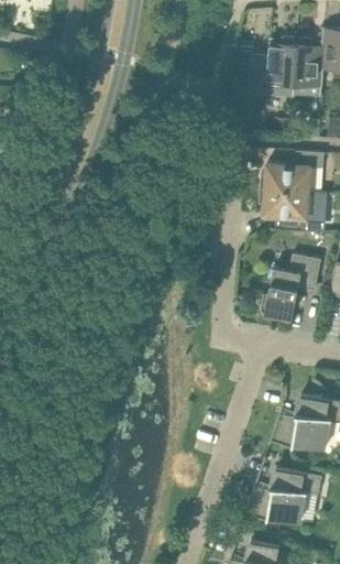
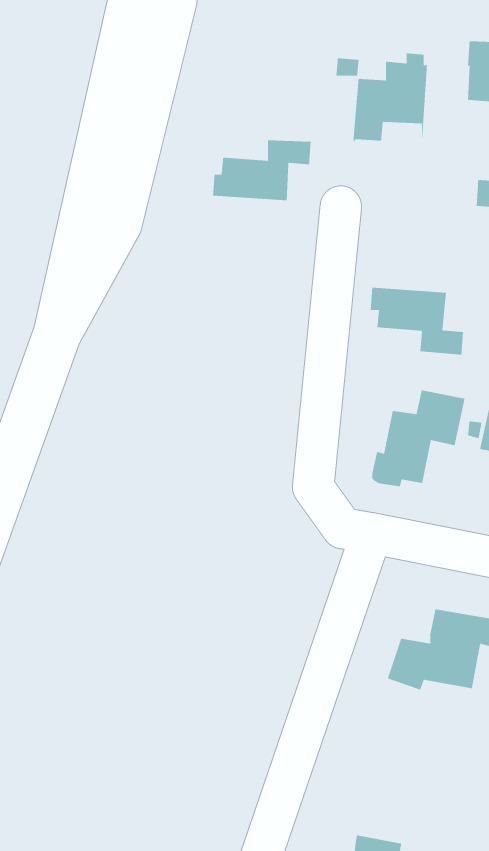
building: [294,39,323,95] -> none
building: [261,151,325,191] -> [212,140,311,201]
building: [245,467,322,520] -> none

